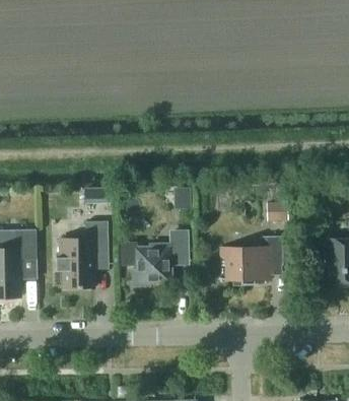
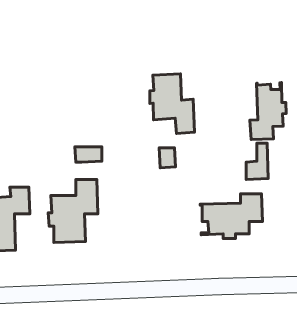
building: none -> [150,74,195,133]
building: none -> [250,83,286,139]
building: [120,232,184,286] -> none

